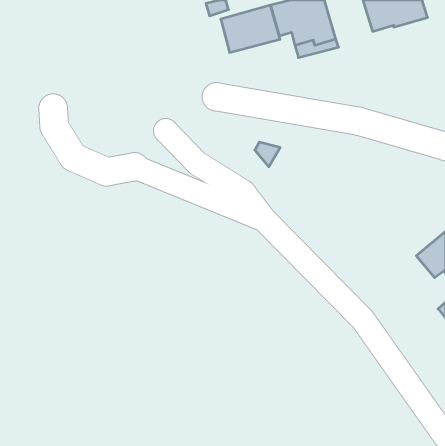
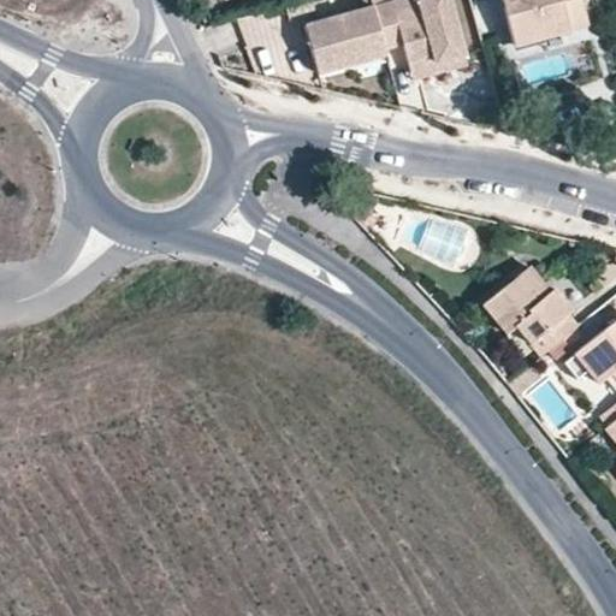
building: none -> [484,266,578,355]

